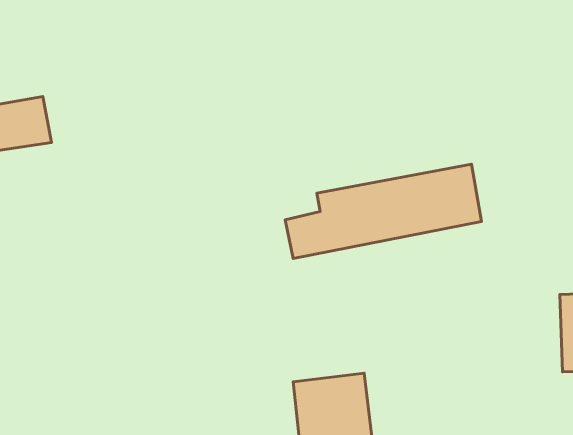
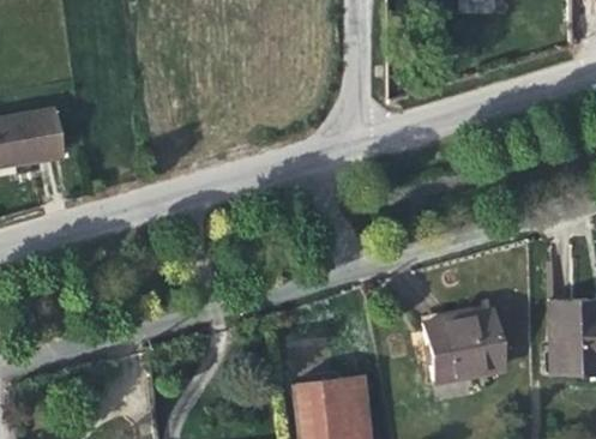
building: [285,164,481,259] -> none
building: none -> [425,309,504,380]

